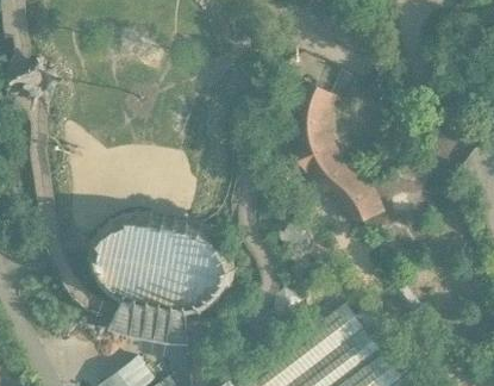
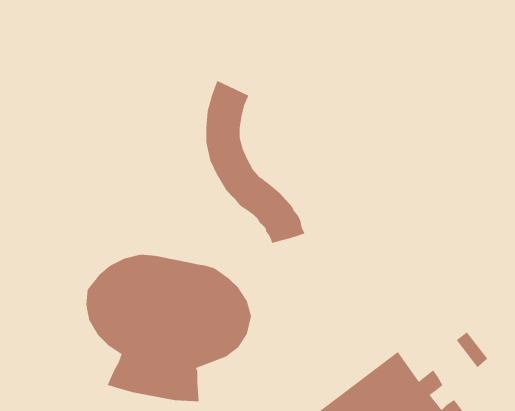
building: [298,85,382,223] -> [205,80,305,243]

